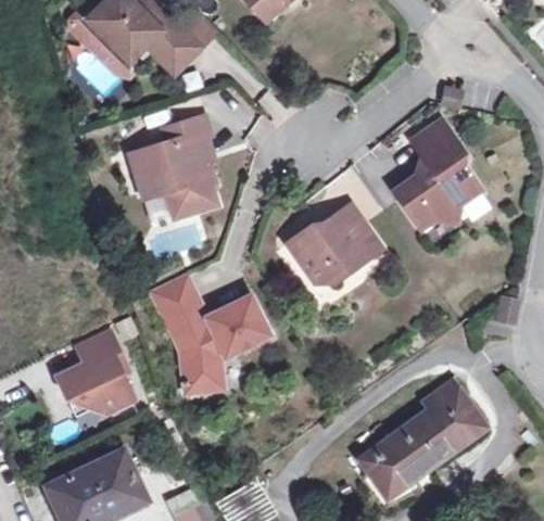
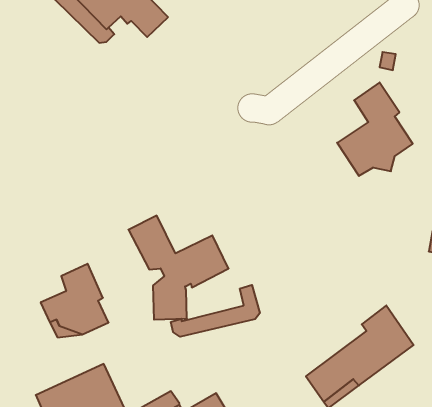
building: [123,117,213,218] -> none
building: [284,204,381,282] -> none
building: none -> [171,285,260,337]

